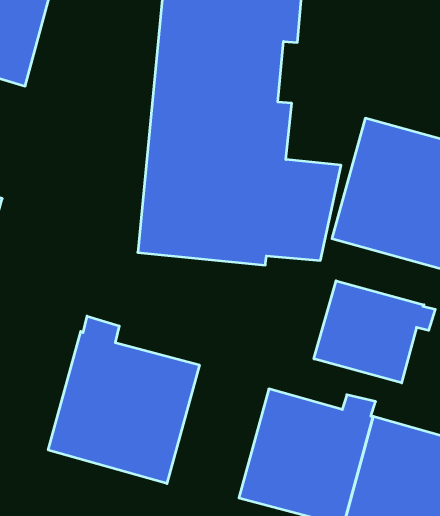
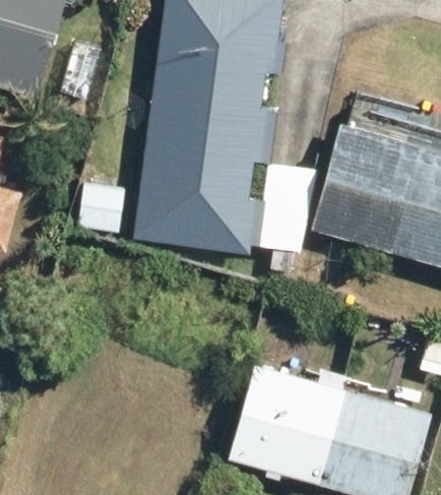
building: [314,281,435,383] -> none
building: [48,316,199,484] -> none

